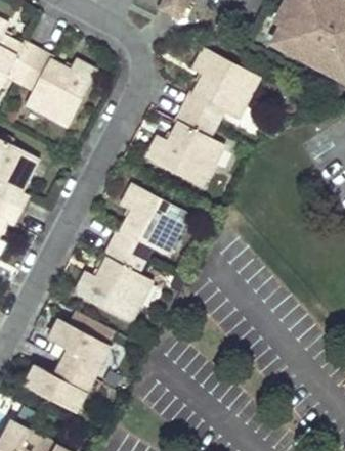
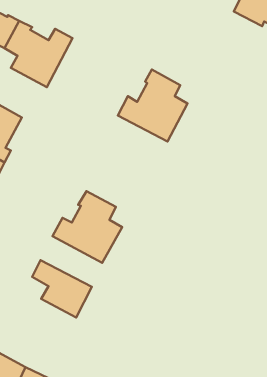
building: [183,47,259,124] -> none
building: [111,182,186,259] -> none
building: [26,361,99,412] -> none

